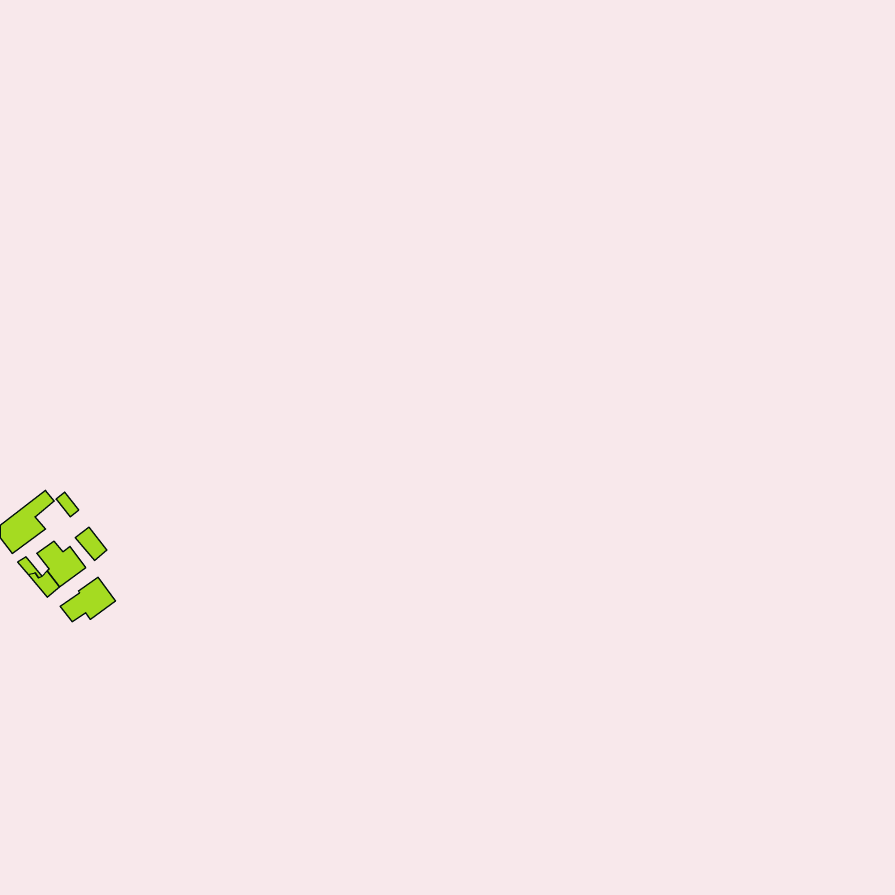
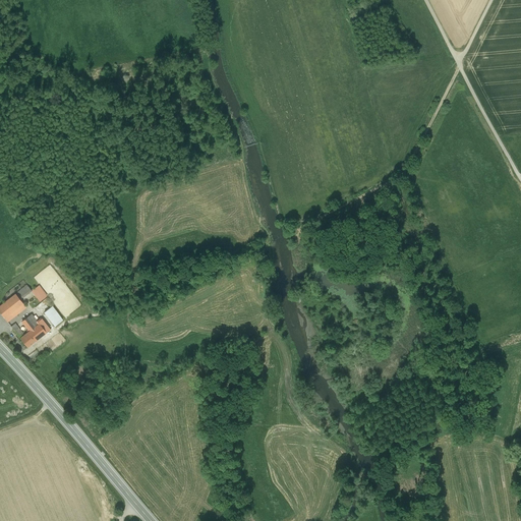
building: [60,577,115,622] -> none

